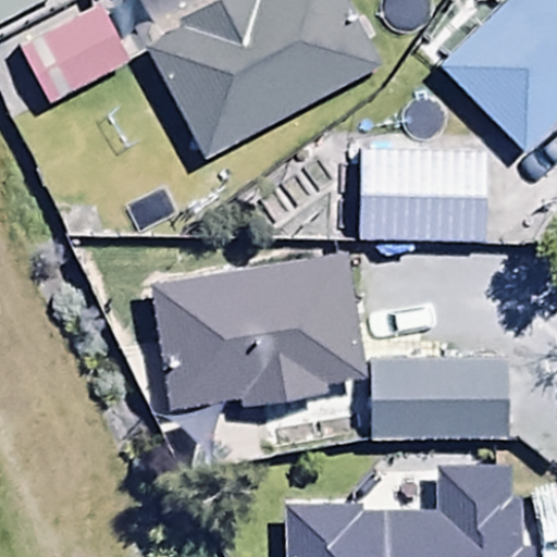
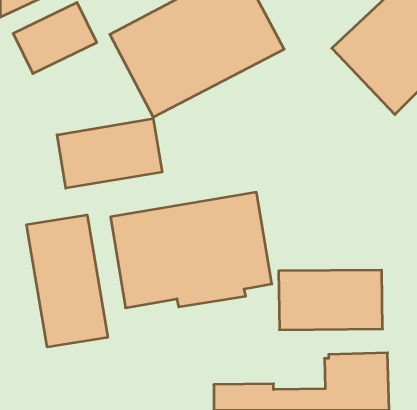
building: [359,150,491,240] -> none
building: none -> [57,119,162,188]
building: none -> [27,215,108,347]

